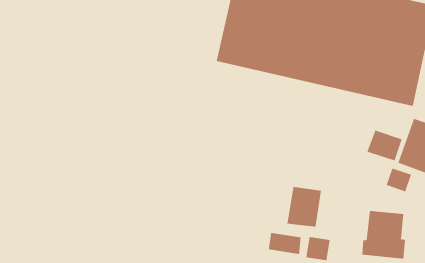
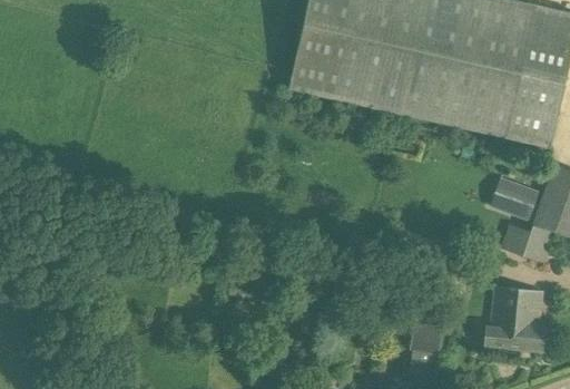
building: [287,186,321,227] -> none
building: [268,232,301,255] -> none

